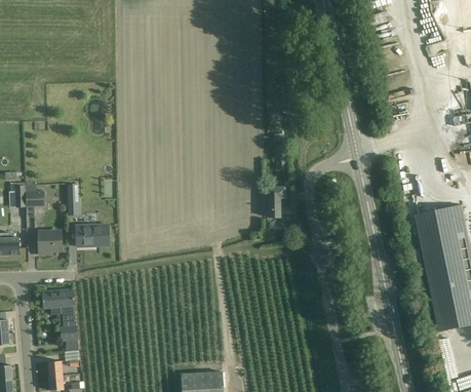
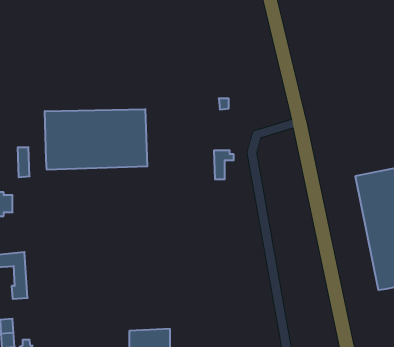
building: none -> [45,109,147,170]
building: [75,224,109,246] -> none

